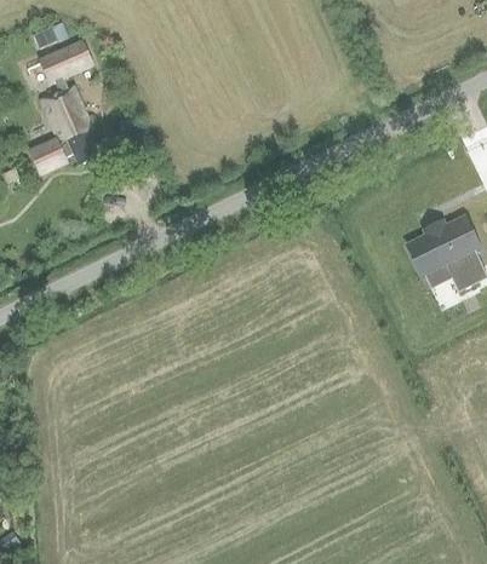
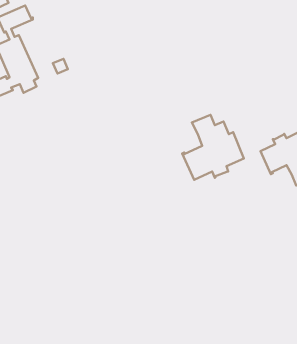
building: none -> [182,115,244,180]

